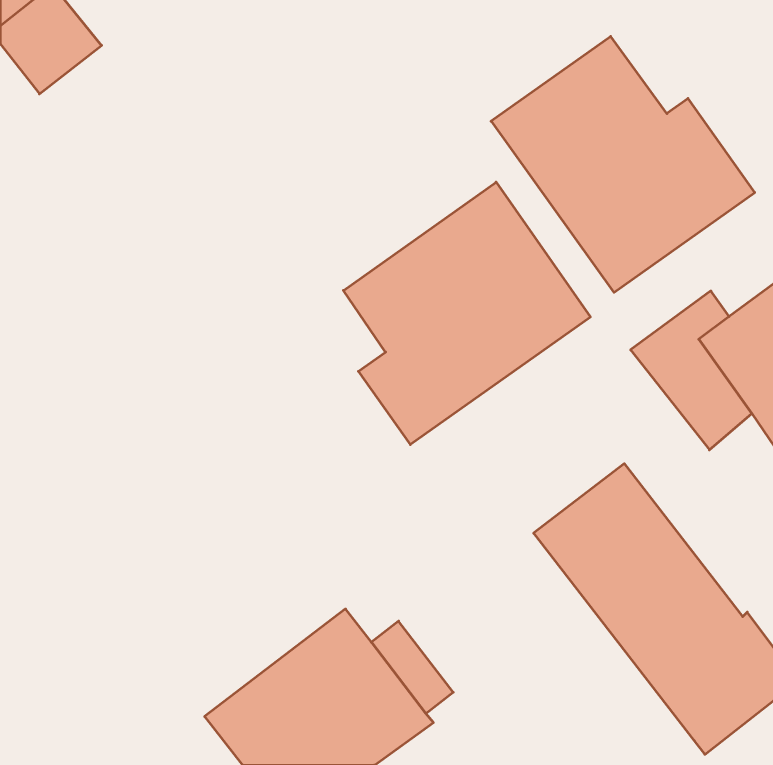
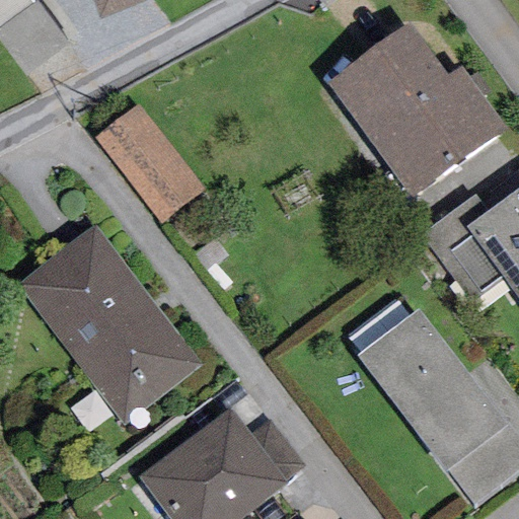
building: none -> [93,105,205,221]
building: [343,182,590,445] -> none
building: none -> [19,224,201,422]

